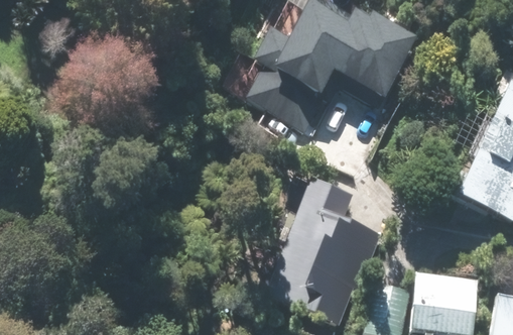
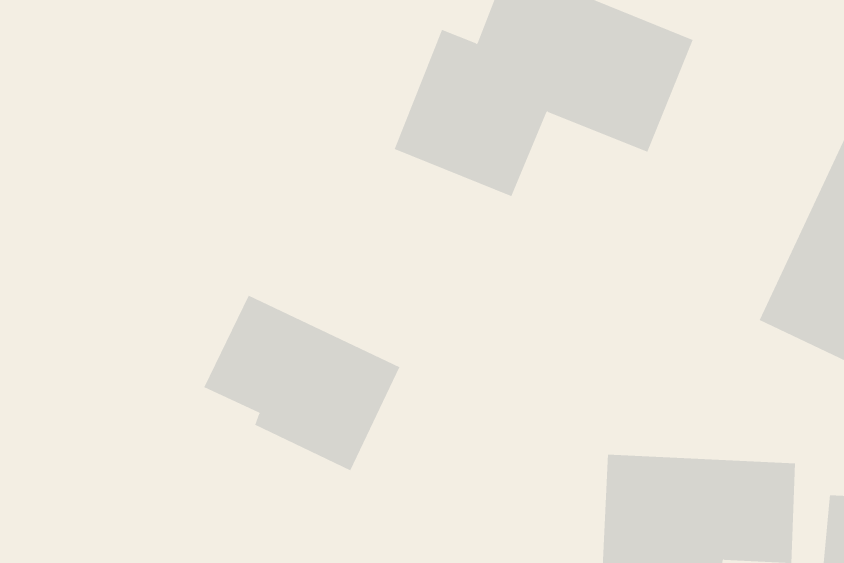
building: [257,176,379,328] -> none
building: none -> [203,295,400,471]

